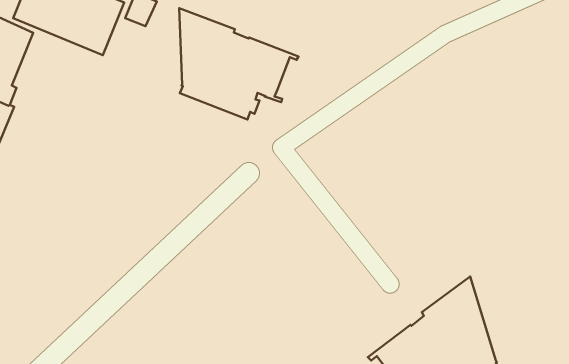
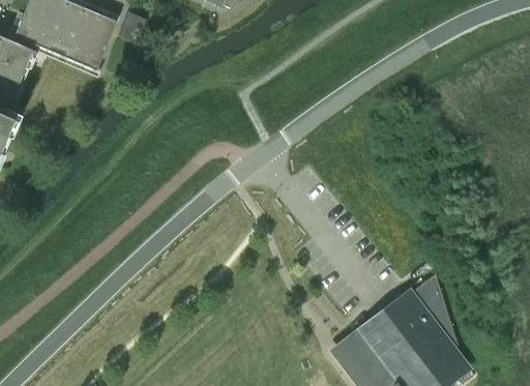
building: [179,8,298,120] -> none

